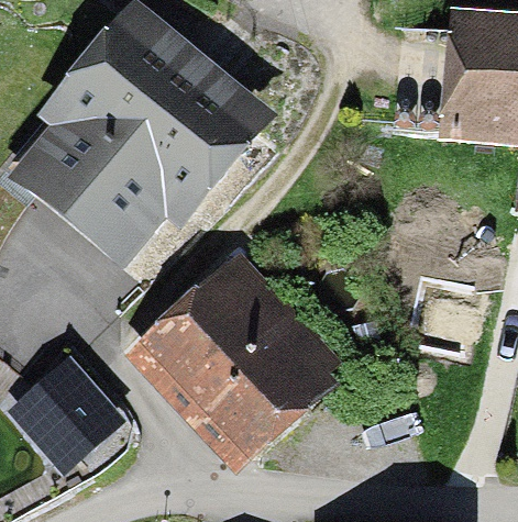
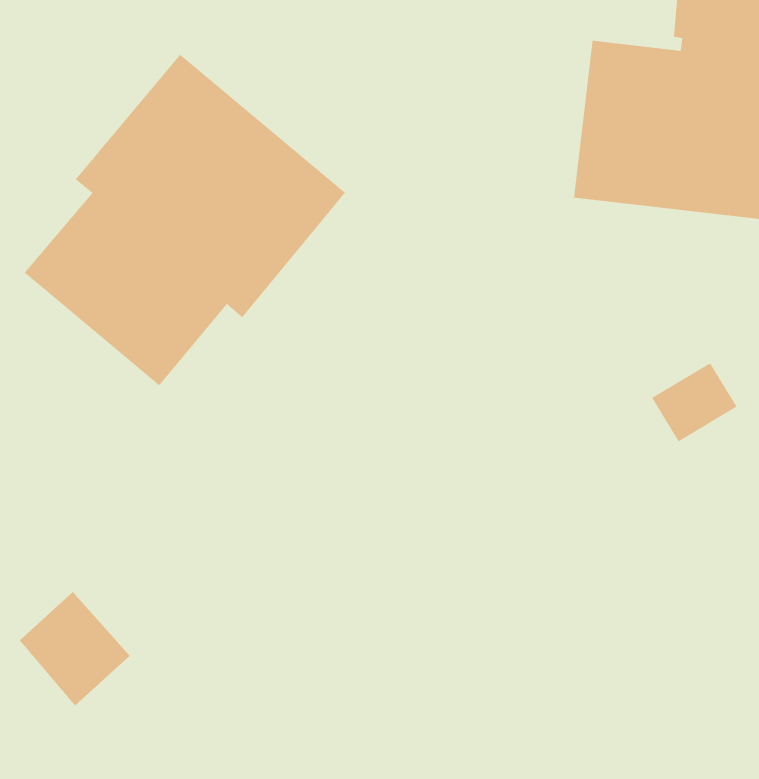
building: [161,280,338,454] -> none

